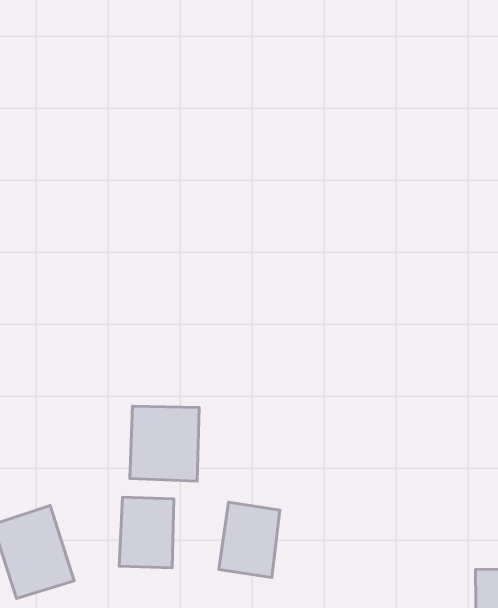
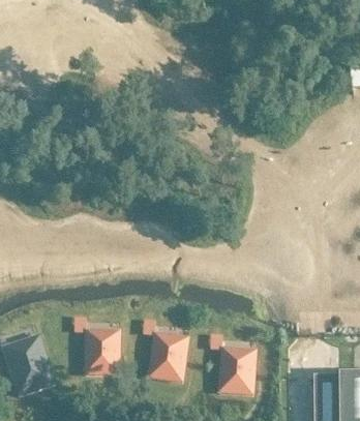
building: [130,406,199,481] -> none
building: none -> [219,343,257,390]

